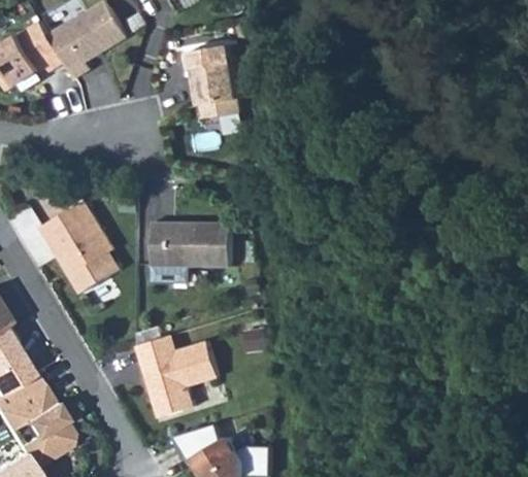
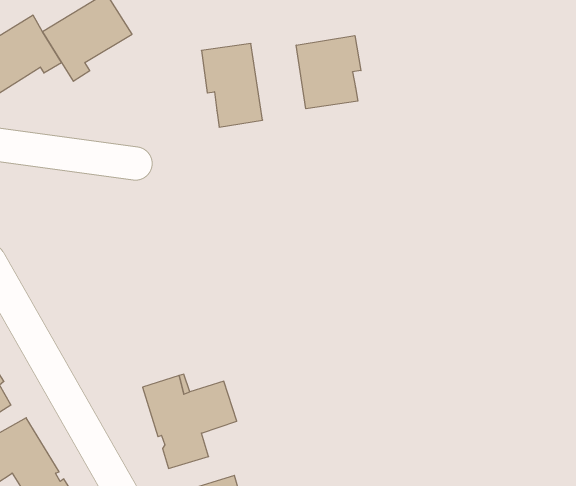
building: none -> [296,36,361,109]
building: [39,202,117,293] -> none
building: [151,222,230,266] -> none

